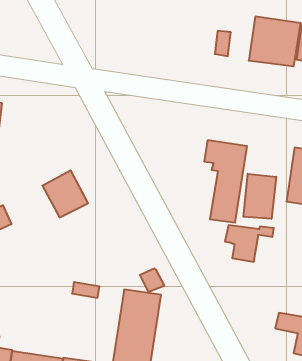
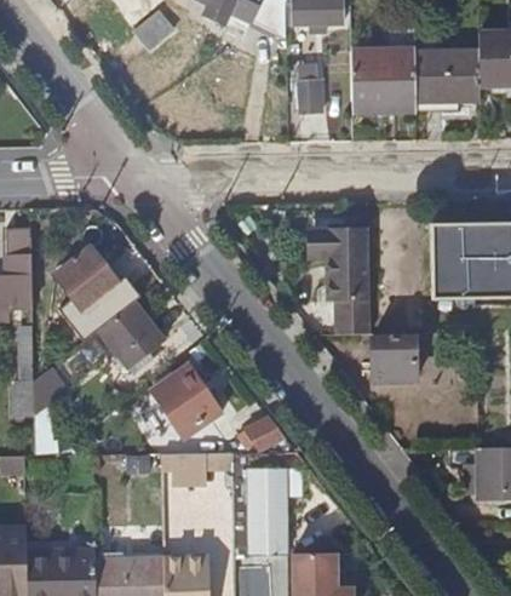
building: none -> [61,253,127,317]
building: [243,174,276,219] -> none
building: none -> [157,365,229,439]

